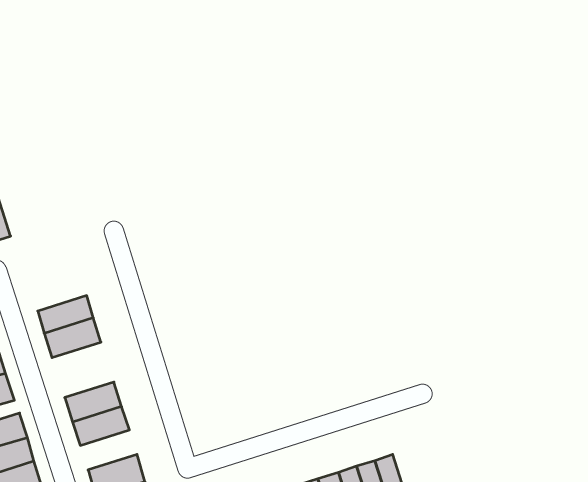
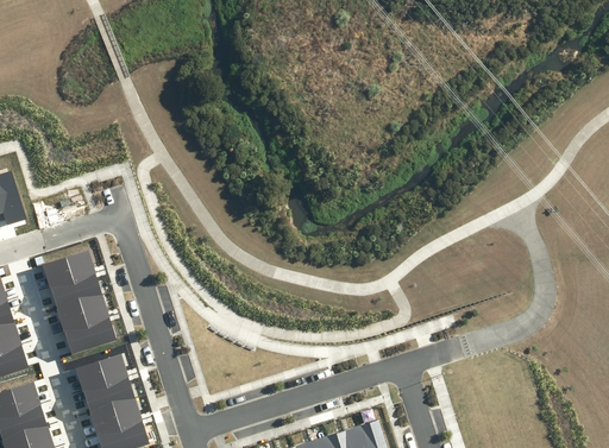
building: none -> [43,251,95,288]
building: none -> [63,316,117,355]
building: none -> [89,397,142,434]

